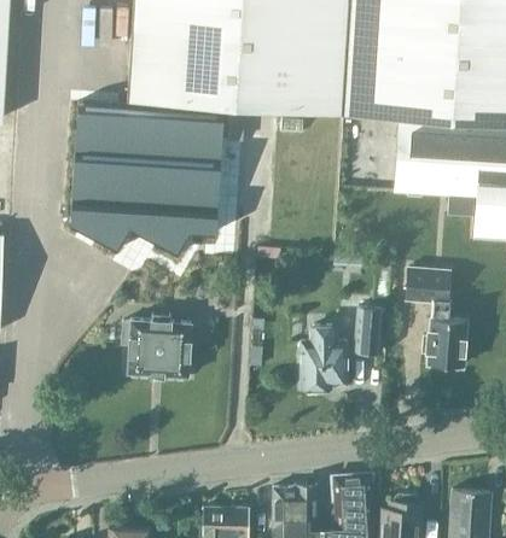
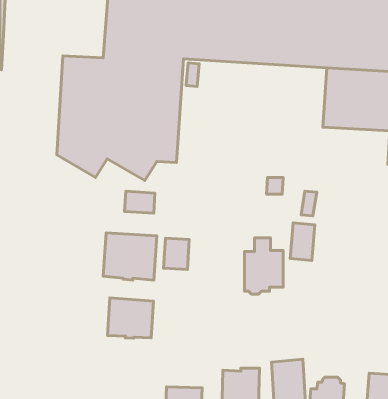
building: none -> [125,191,155,213]
building: [406,269,465,364] -> none
building: none -> [163,238,189,270]
building: none -> [107,298,154,338]

